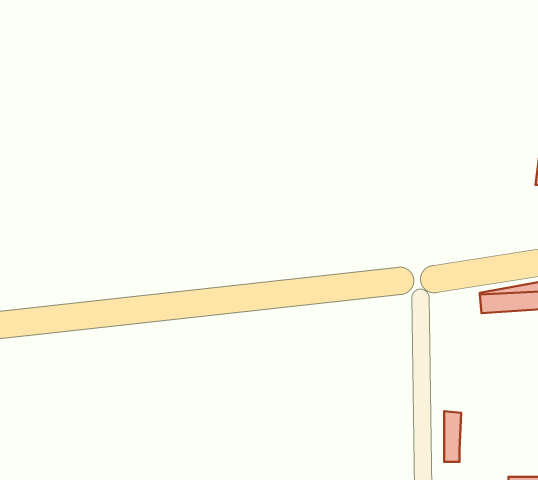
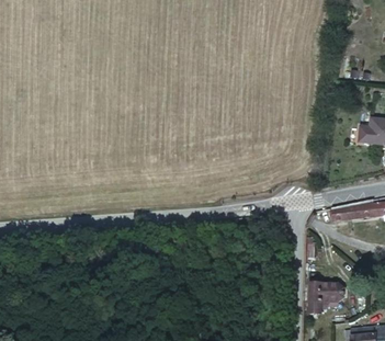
building: none -> [319,285,342,310]

